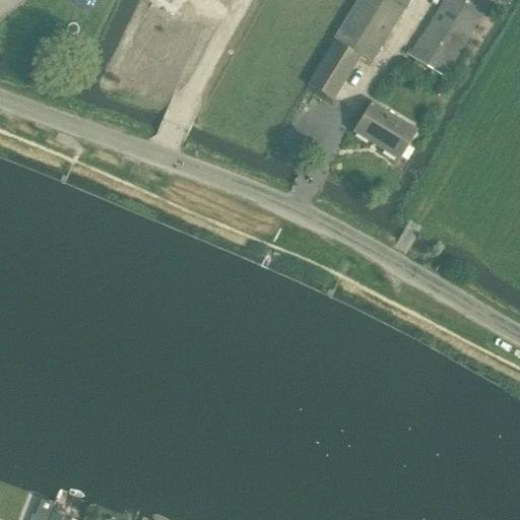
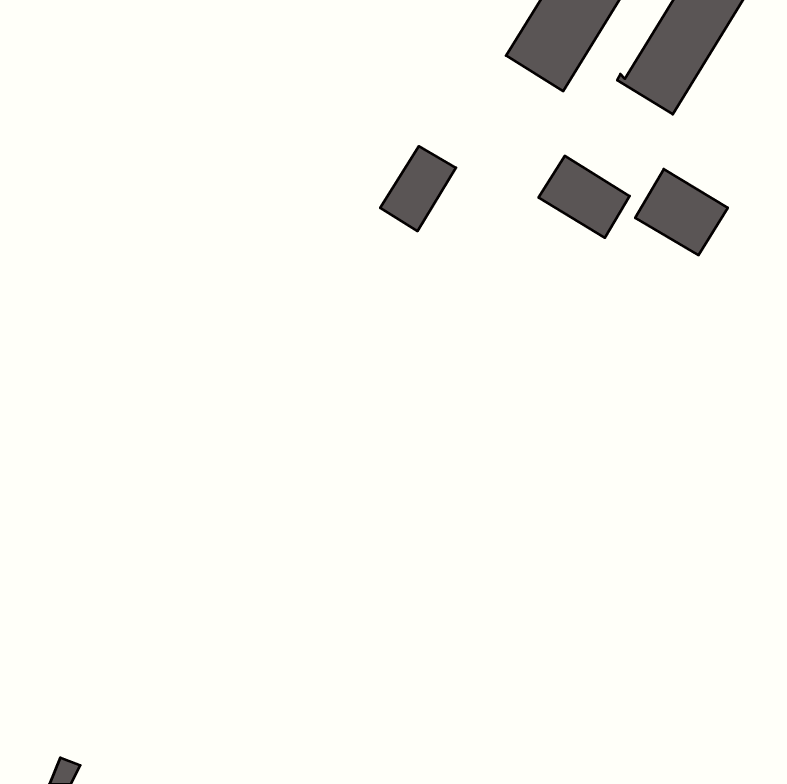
building: [309,42,359,98] -> [380,146,456,231]
building: none -> [635,169,728,255]

